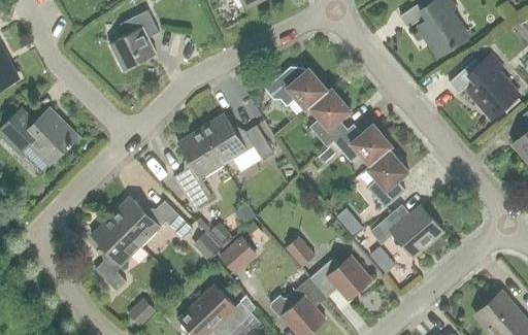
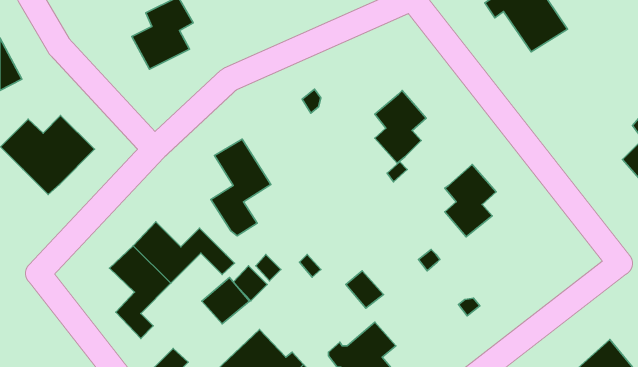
building: [450,55,519,118] -> none
building: [265,68,329,109] -> none
building: [200,113,273,165] -> none
building: [334,124,393,166] -> none
building: [371,206,442,256] -> none
building: [220,236,259,274] -> [202,278,250,324]
building: [309,256,372,300] -> none

